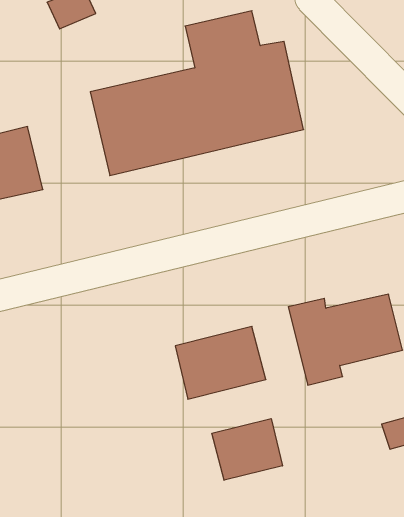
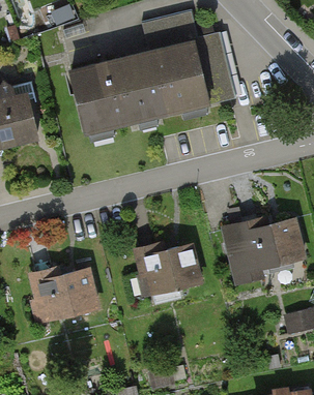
building: none -> [27,268,99,321]
building: [212,419,282,480] -> none

